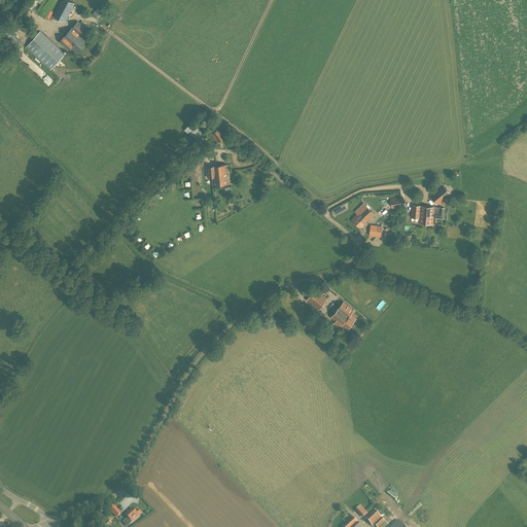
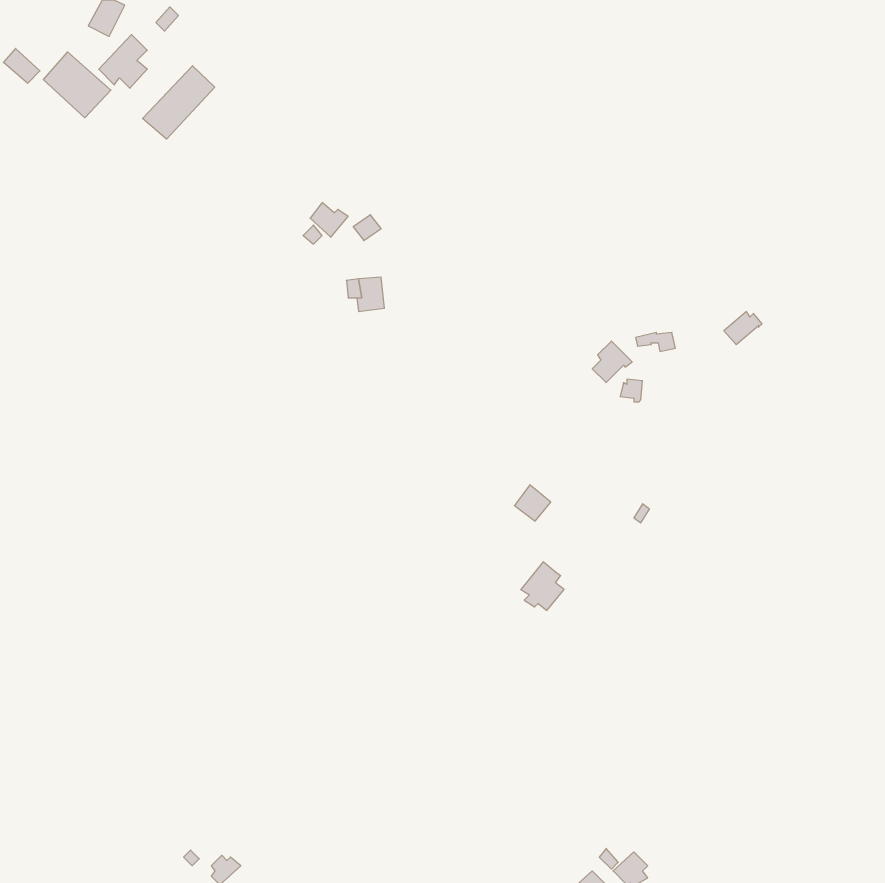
building: none -> [143,66,215,139]
building: [412,206,445,225] -> none
building: [330,303,356,331] -> [521,562,564,610]

